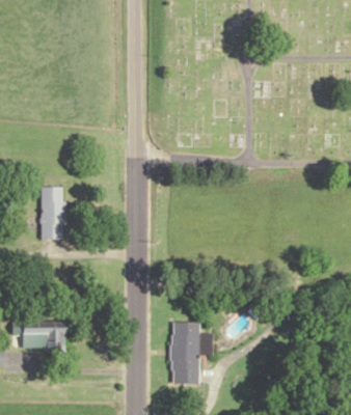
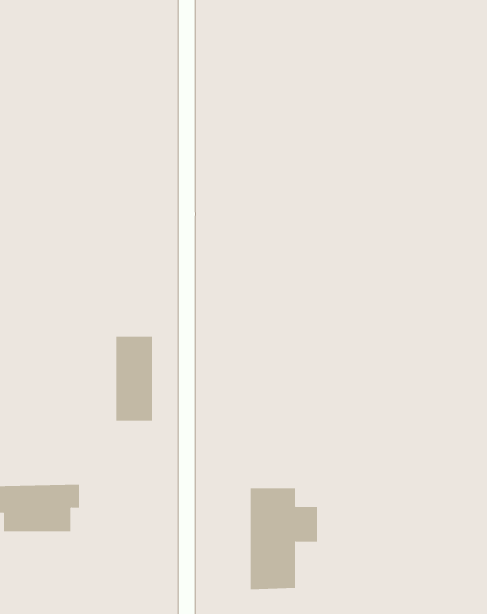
building: [41,188,63,240] -> [115,336,153,421]

